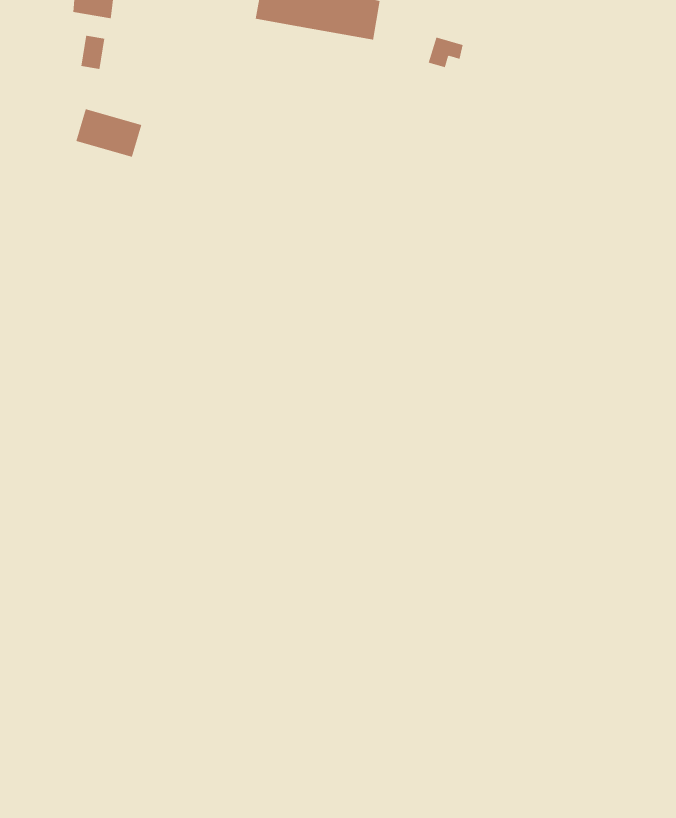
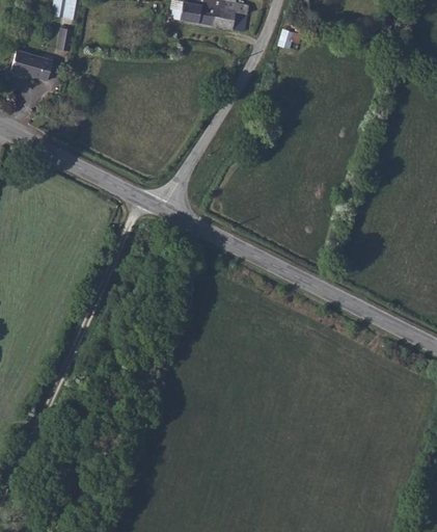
building: [75,109,142,157] -> [9,50,52,81]

